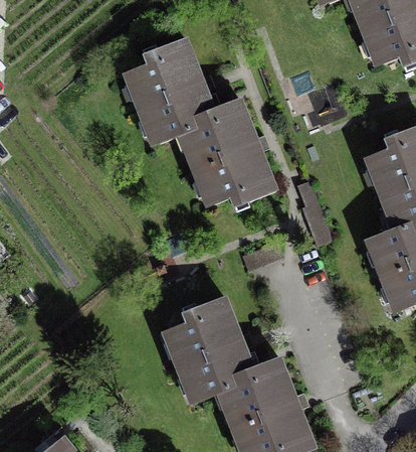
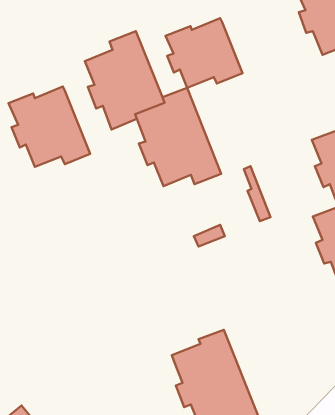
building: none -> [166,18,243,88]
building: none -> [9,87,90,167]
building: [170,297,253,402] -> none

